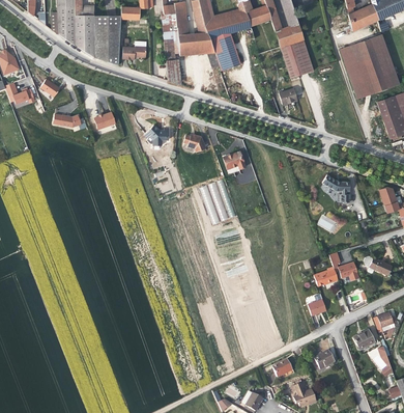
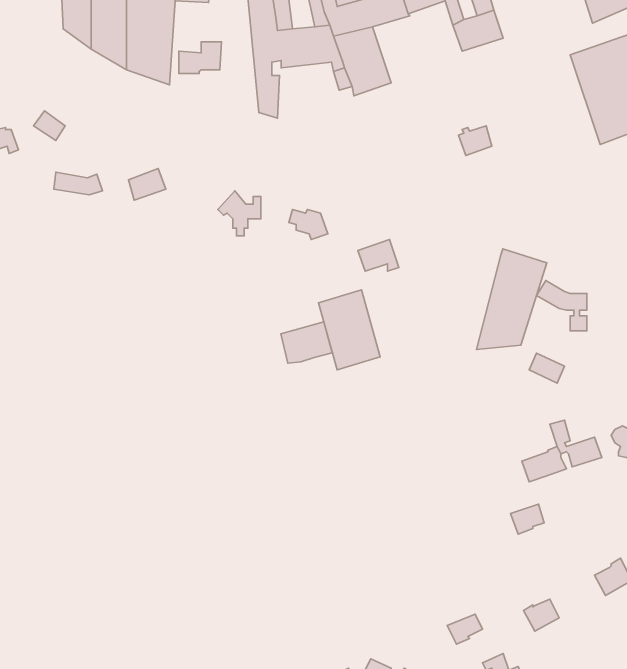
building: [281,39,314,78] -> none
building: none -> [476,249,547,349]
building: none -> [281,322,332,363]

